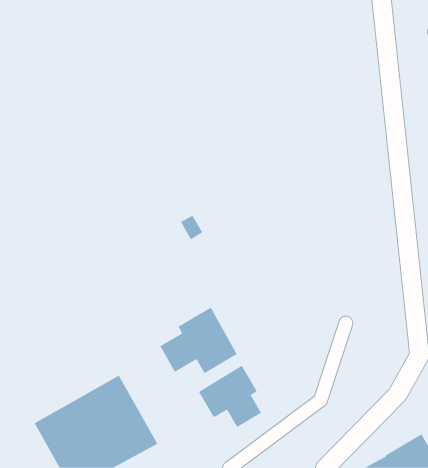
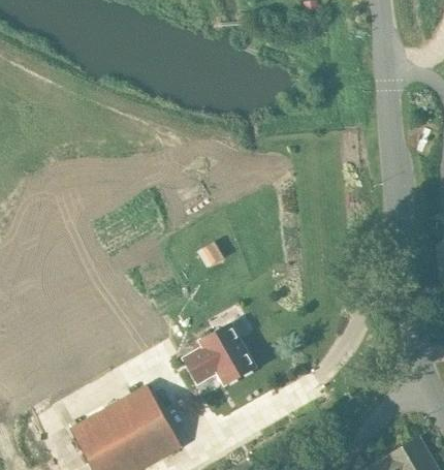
building: [198,365,262,428] -> none

